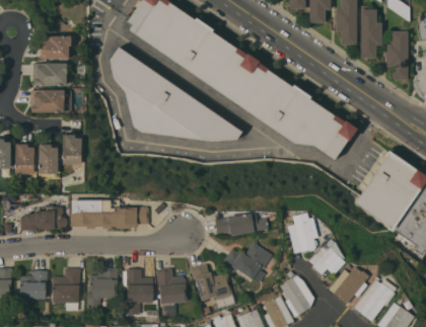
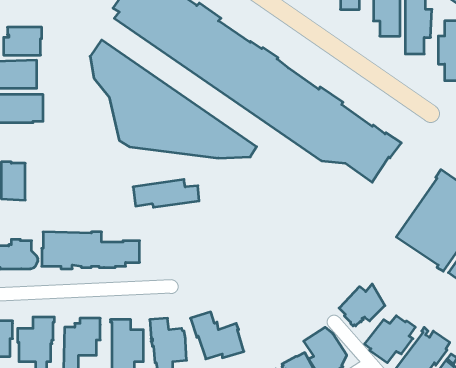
building: [62,134,81,164] -> none
building: [215,213,268,235] -> [133,179,199,207]
building: [286,213,317,253] -> none
building: [222,241,272,283] -> none

